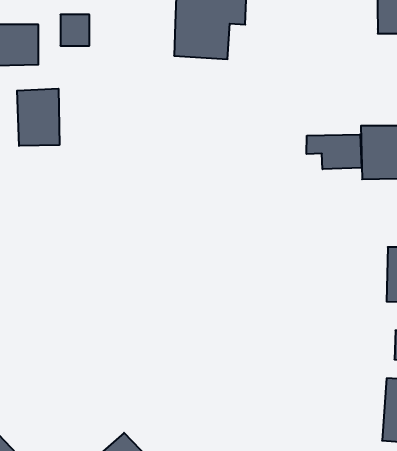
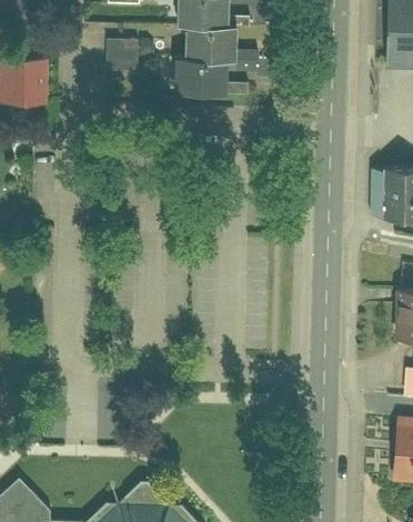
building: [60,15,89,46] -> [108,41,137,72]
building: [17,89,59,146] -> none
building: [307,134,361,169] -> none

